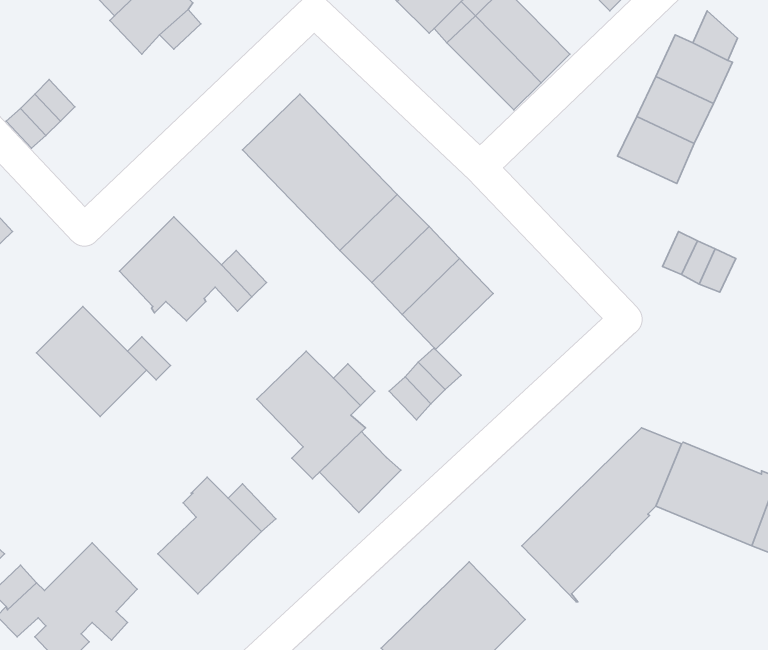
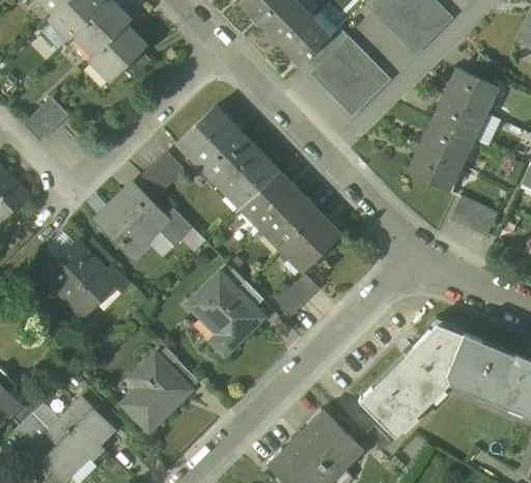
building: none -> [410,147,459,191]
building: none -> [142,151,186,195]
building: [320,432,401,513] -> none

